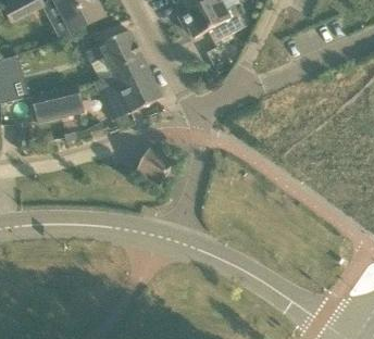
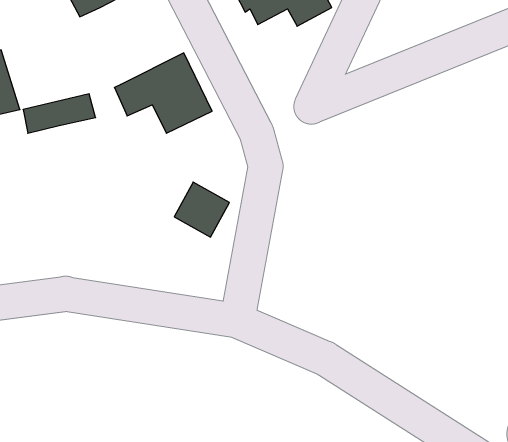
building: [85,29,141,78] -> none

